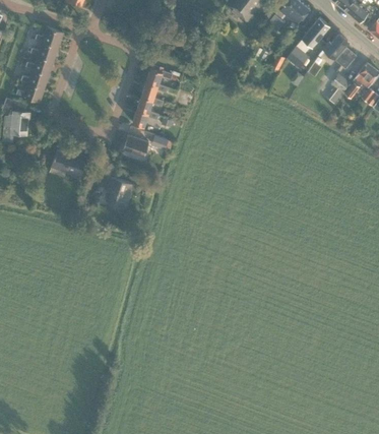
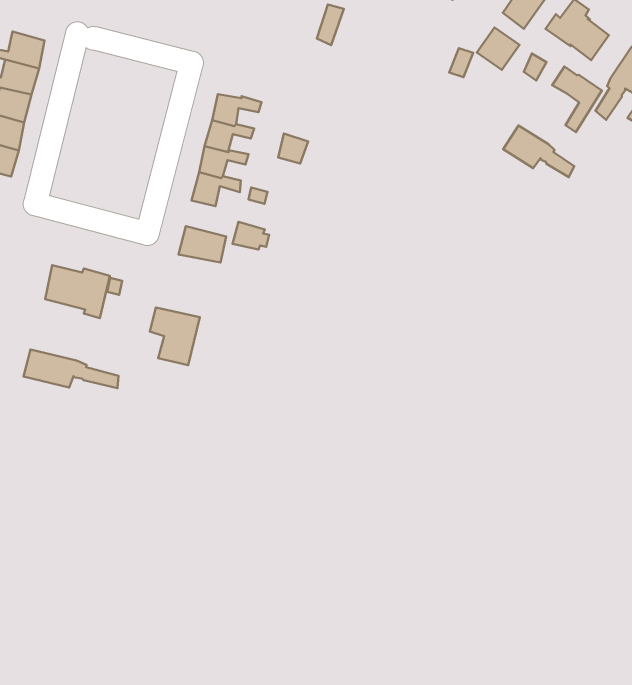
building: none -> [503,125,574,177]
building: none -> [23,350,118,388]

